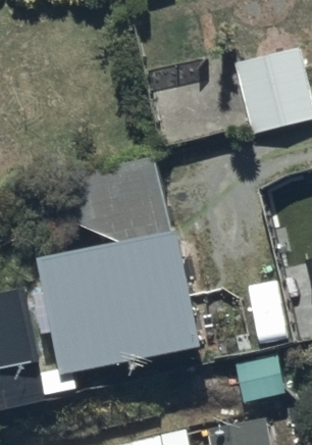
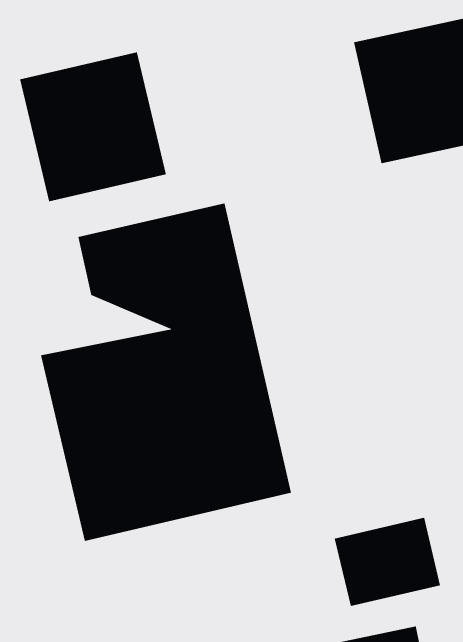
building: none -> [19,52,166,202]

